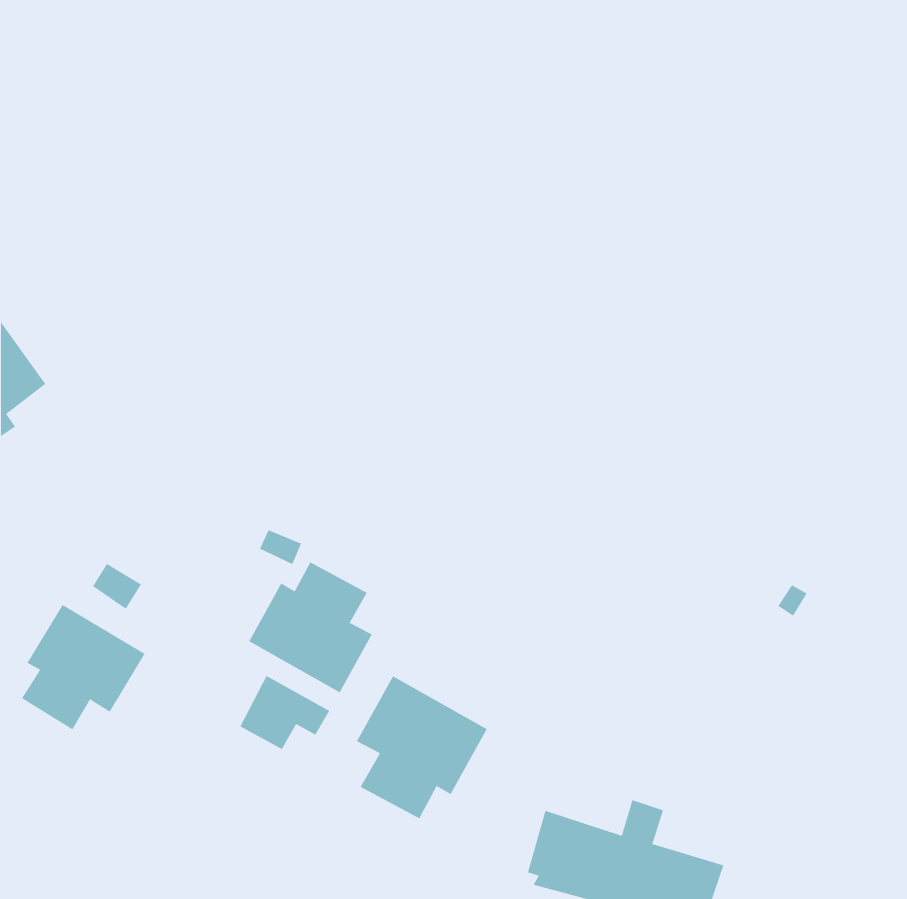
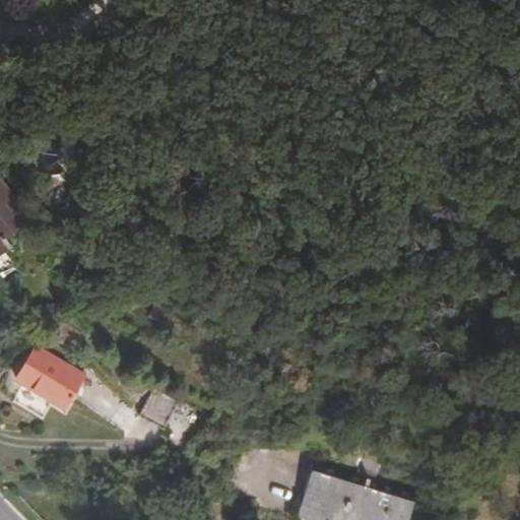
building: [249,561,373,693] -> none
building: [356,675,487,819] -> none

